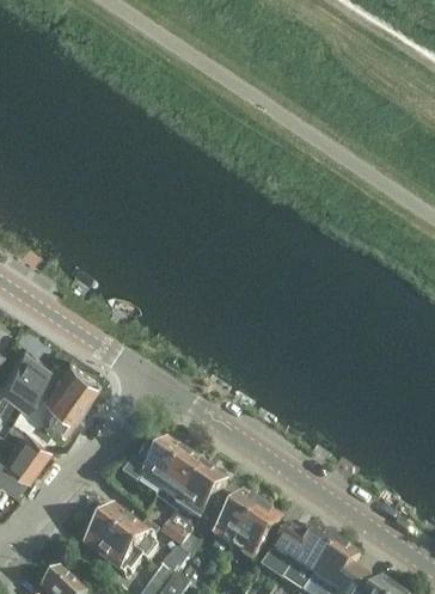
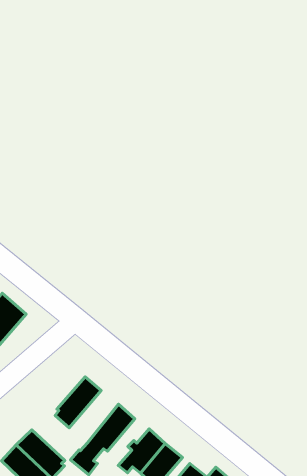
building: [153,457,204,515] -> none

